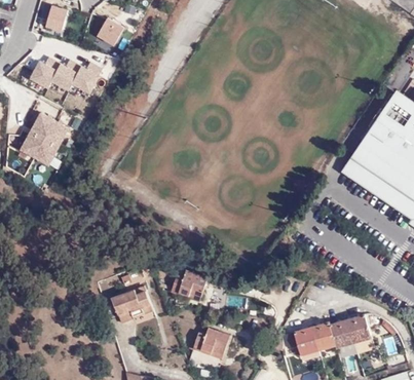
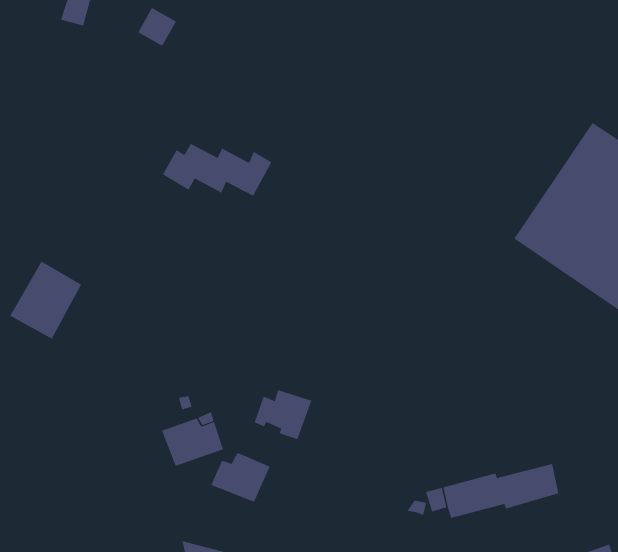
building: [28,56,100,91] -> [162,143,272,197]
building: [20,114,67,165] -> [10,261,82,340]
building: [195,327,234,359] -> [211,452,270,503]

